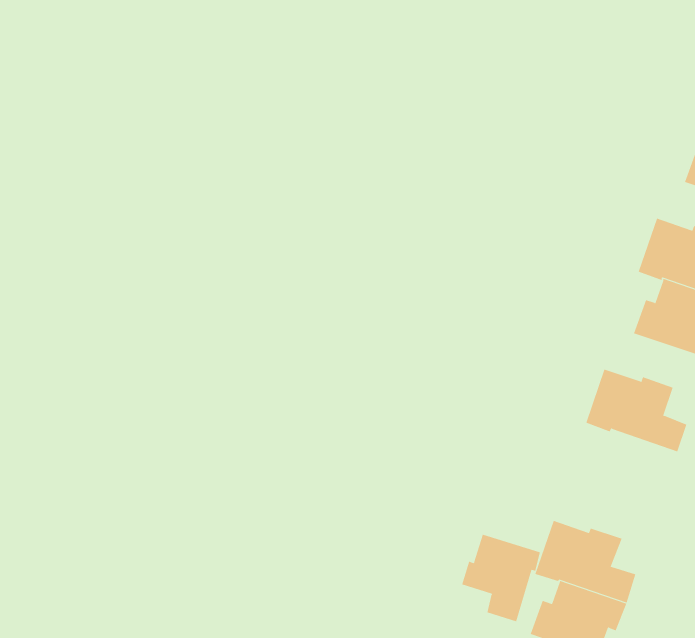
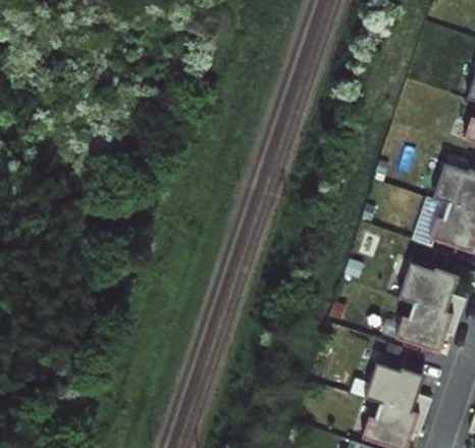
building: none -> [395,302,459,353]
building: [462,534,541,622] -> none

